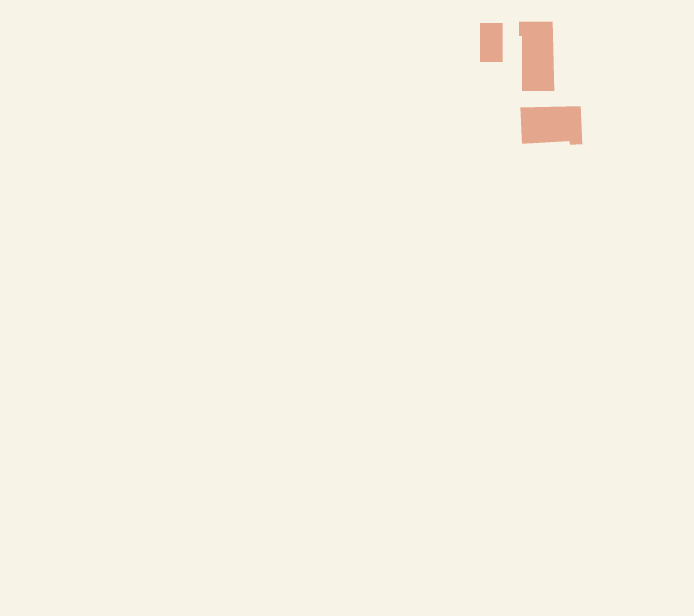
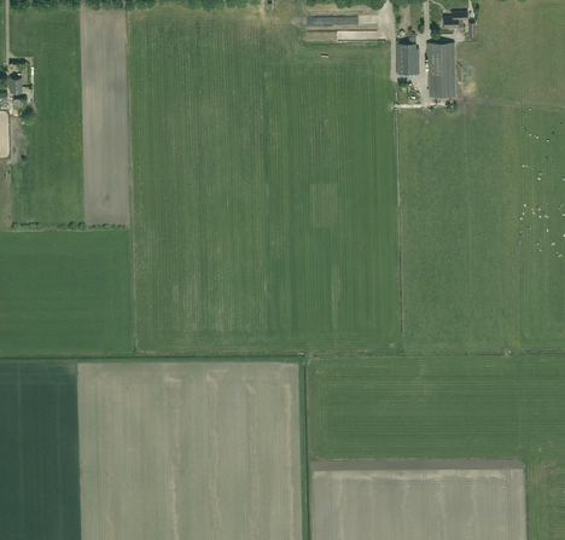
building: [520,106,583,145] -> none

